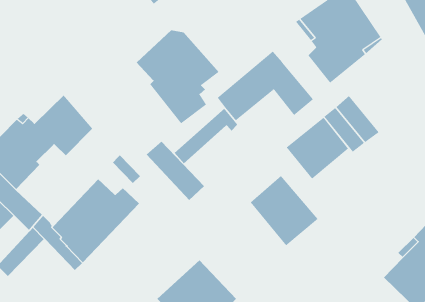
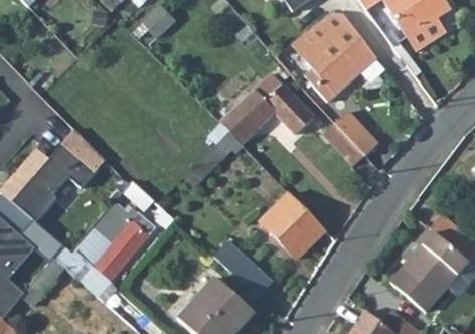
building: [136,30,220,124] -> none
building: [286,117,349,179] -> none
building: [146,141,205,201] -> [214,241,273,297]

